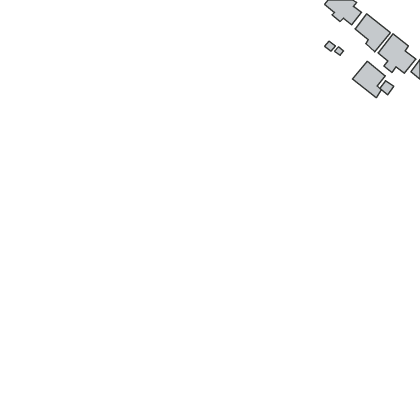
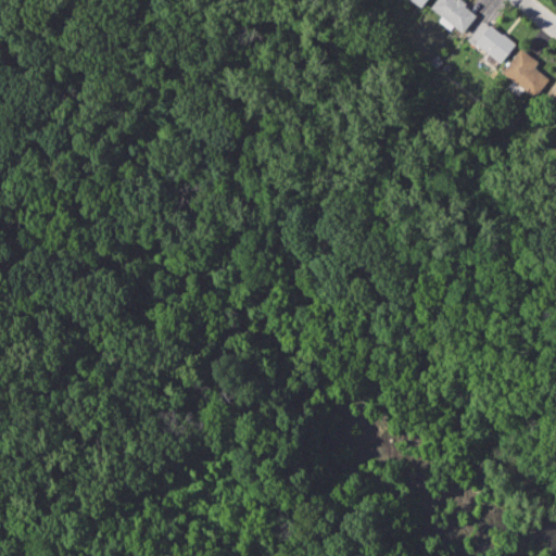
building: [352,61,385,98] -> none

